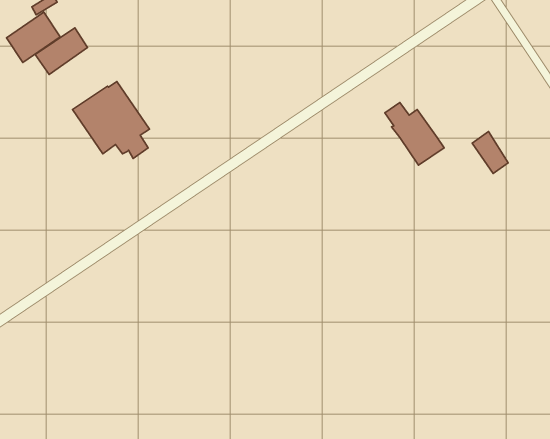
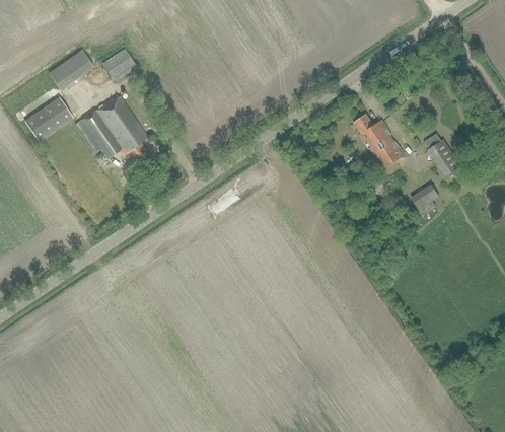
building: [7,12,60,62] -> [24,97,71,141]
building: none -> [101,48,136,81]
building: none -> [411,186,438,215]

